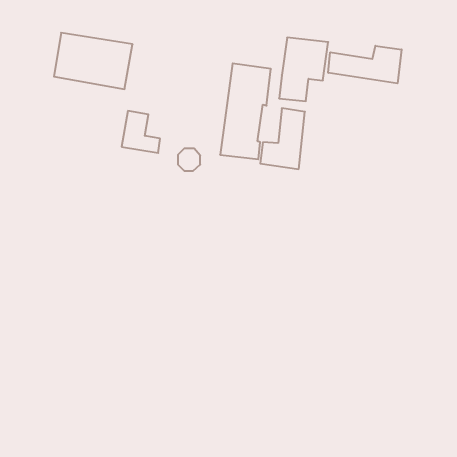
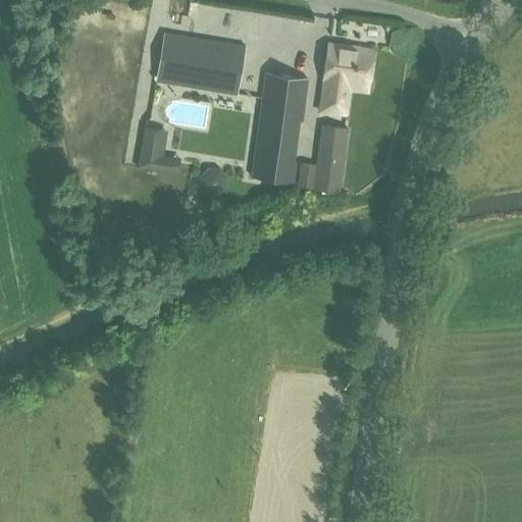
building: [54,33,133,89] -> [157,32,247,96]
building: [328,46,402,83] -> none

